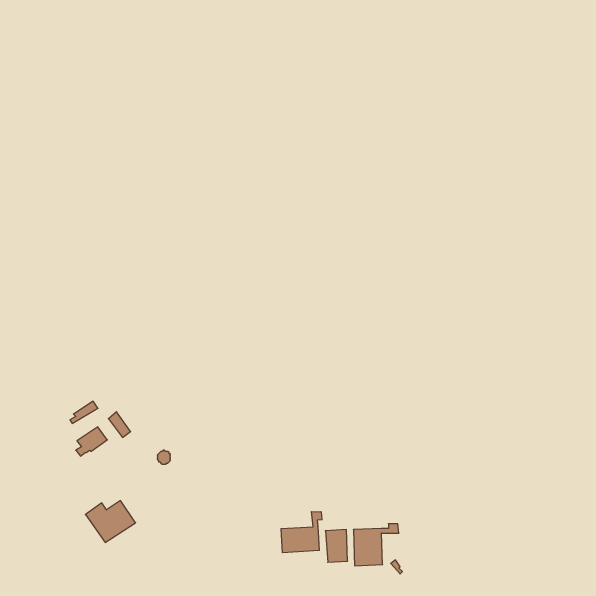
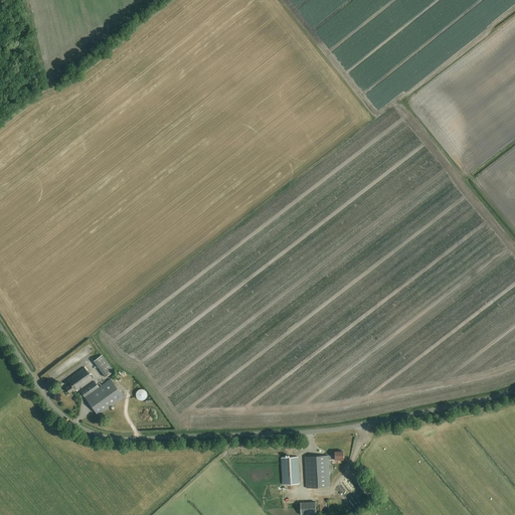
building: [85,501,136,543] -> [80,379,124,415]
building: [281,512,322,553] -> none

